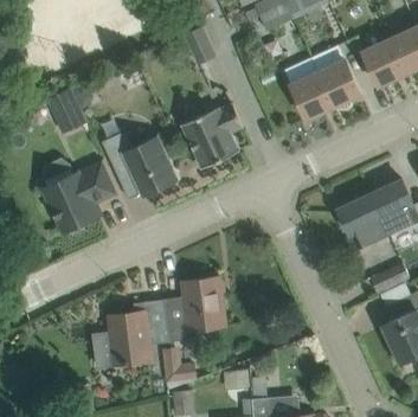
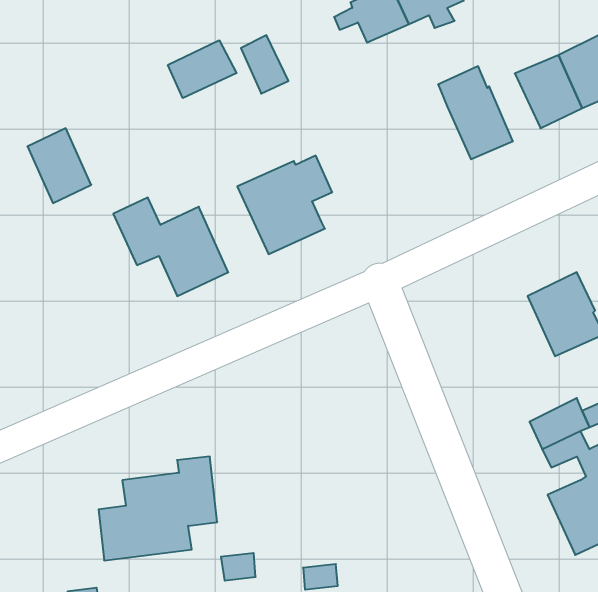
building: none -> [168,40,237,98]
building: [290,71,333,118] -> none
building: [43,162,114,232] -> none
building: [337,194,387,248] -> none
building: [163,276,225,341] -> none

